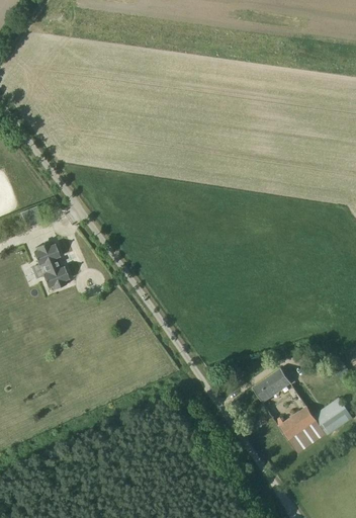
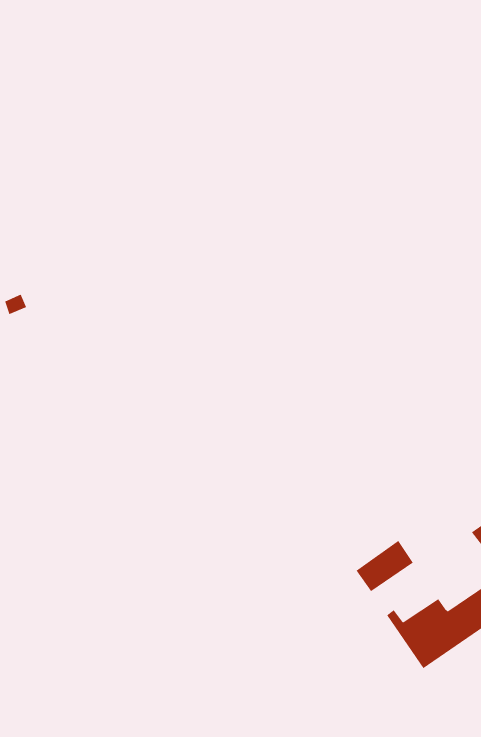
building: [33,240,69,289] -> none

